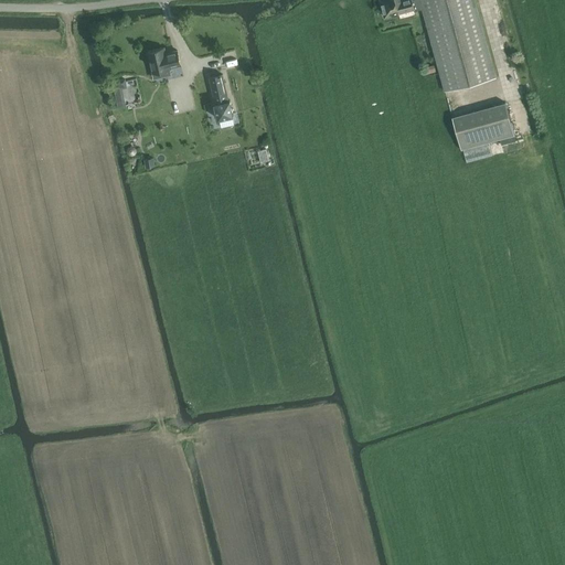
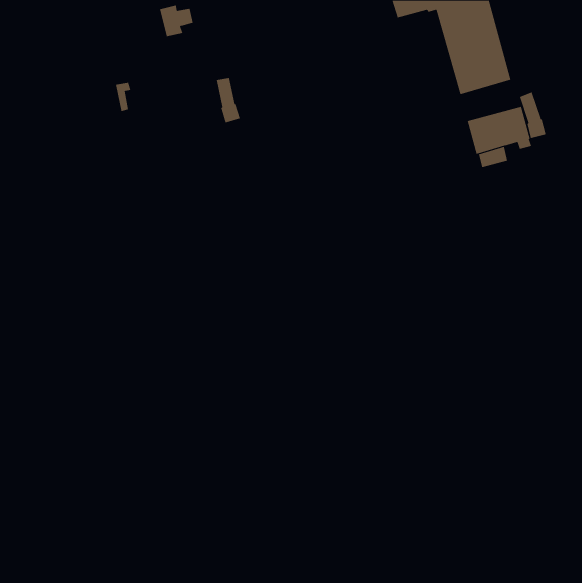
building: [147,47,180,78] -> [159,5,193,37]
building: none -> [519,91,546,139]

